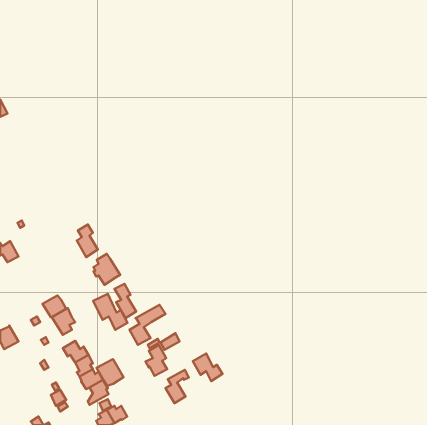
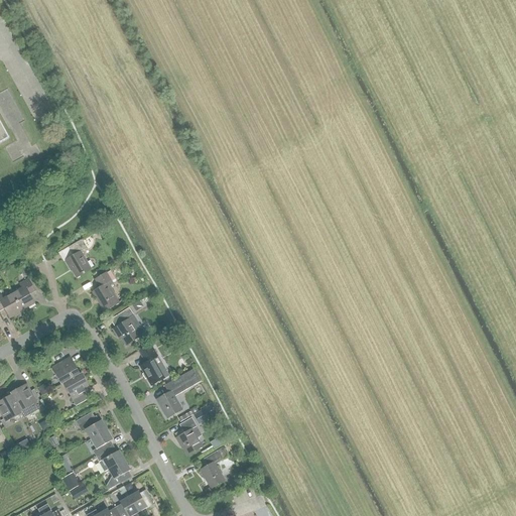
building: none -> [64,239,91,276]
building: none -> [12,277,35,309]
building: [93,294,128,330] -> none
building: none -> [10,382,38,415]
building: [193,354,222,381] -> none
building: [97,359,124,386] -> none

